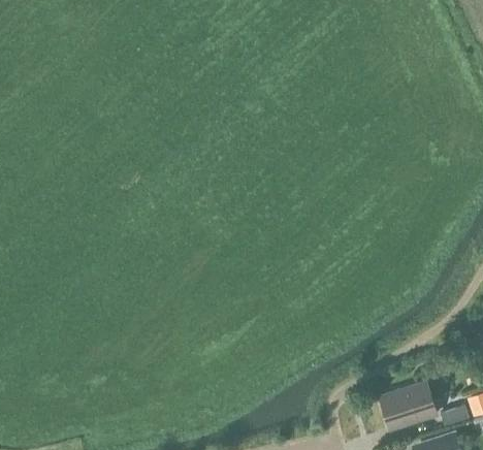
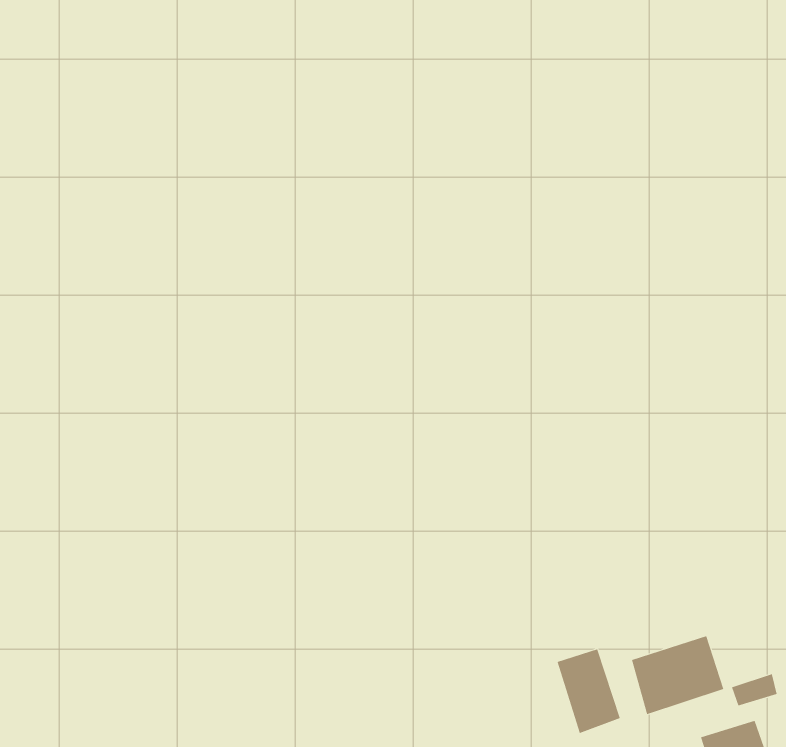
building: none -> [557,648,620,734]

